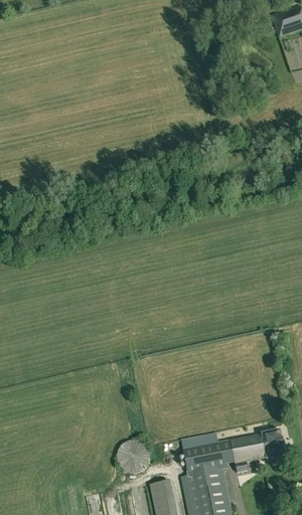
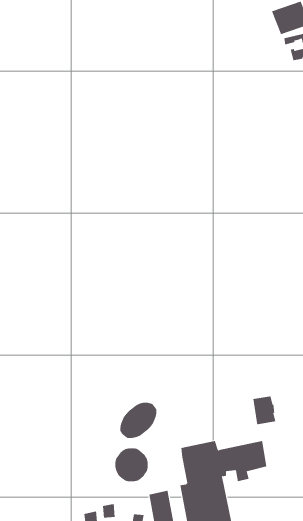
building: none -> [120,402,157,439]
building: [262,431,285,459] -> [252,396,276,425]

